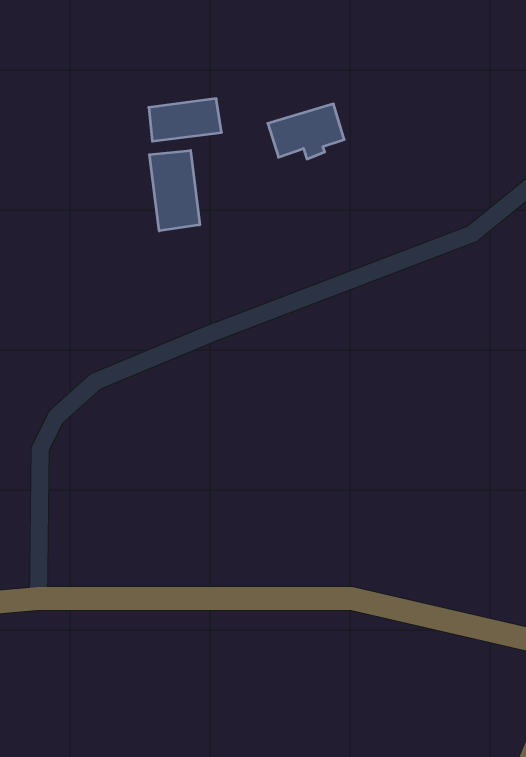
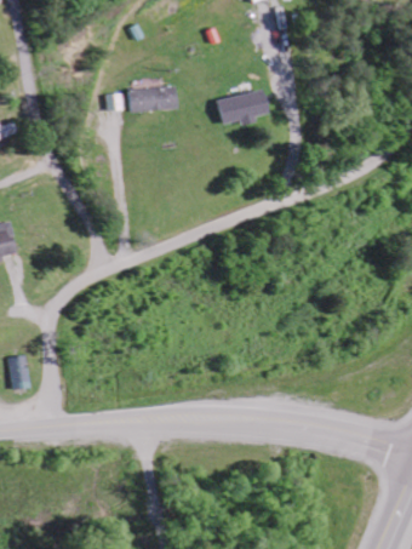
building: [149,150,200,231] -> none

